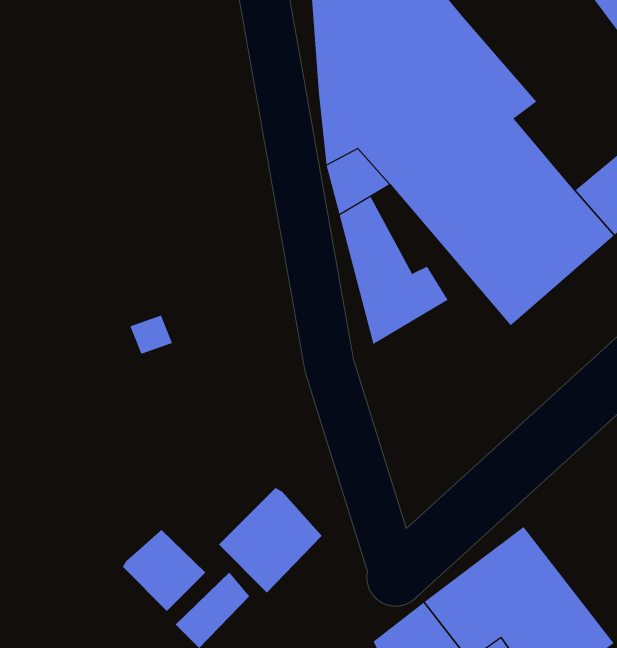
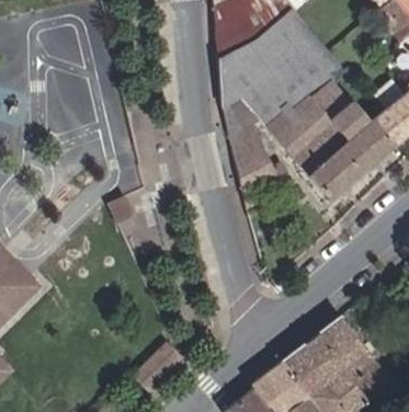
building: [218,487,322,593] -> none
building: [122,529,206,612] -> none

